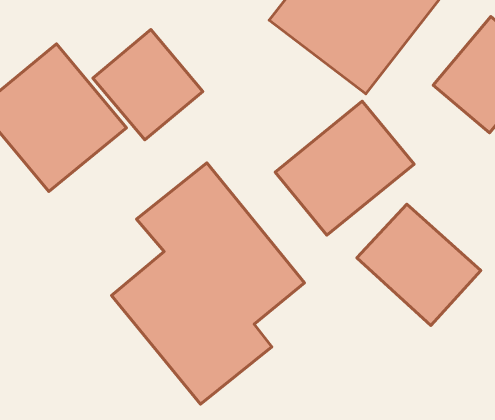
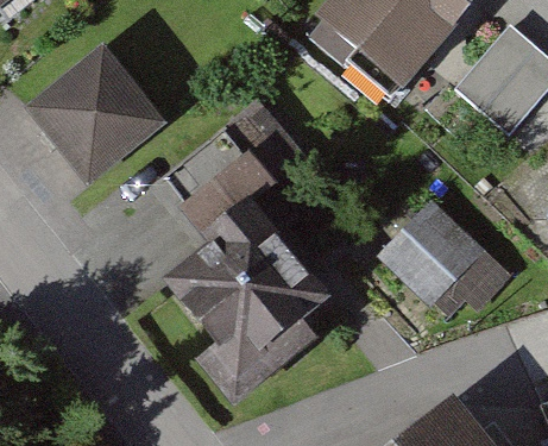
building: [93,30,203,140] -> none
building: [275,101,414,235] -> none

